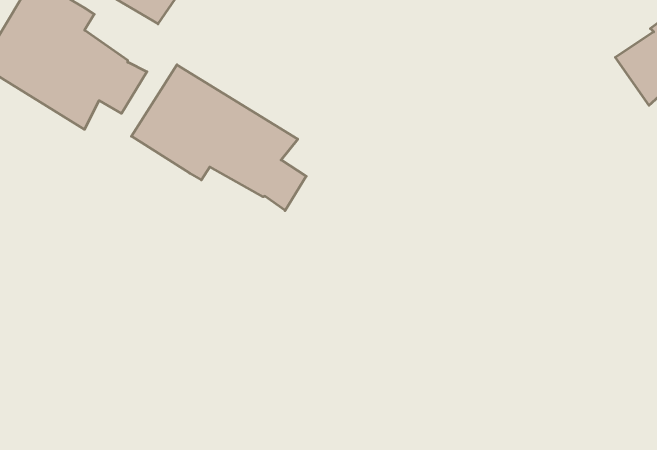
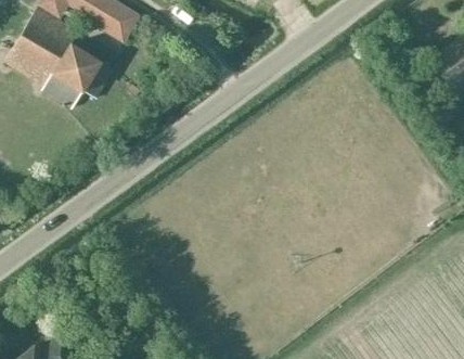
building: [131,65,306,211] -> none

